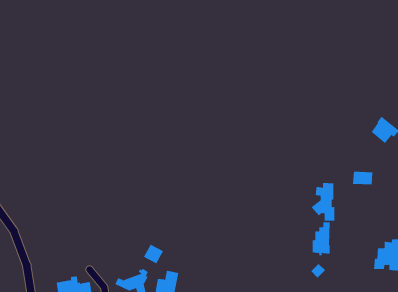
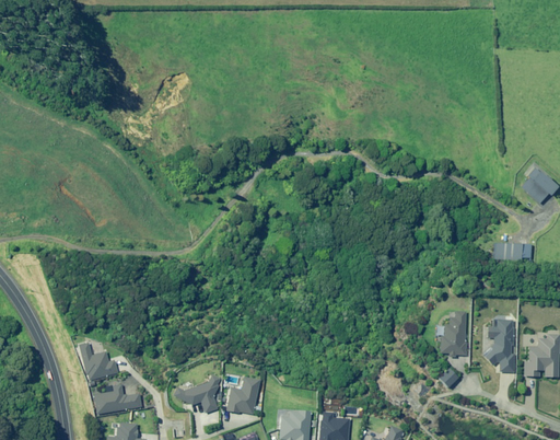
building: [311,182,335,221] -> [482,320,515,372]
building: [143,244,164,264] -> none
building: none -> [78,340,118,381]

